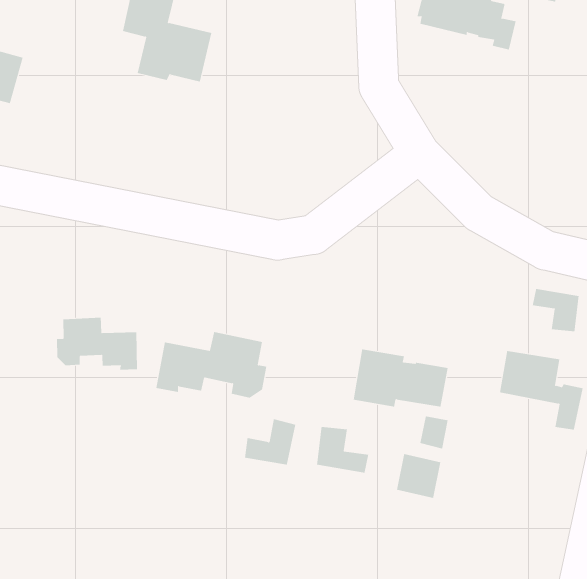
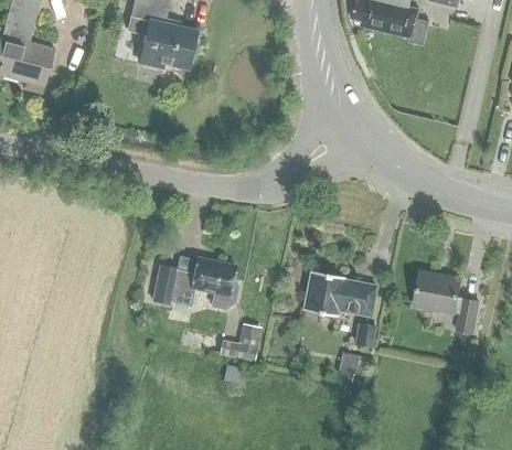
building: [532,288,579,332] -> none
building: [56,317,137,371] -> none
building: [317,426,369,473] -> none

